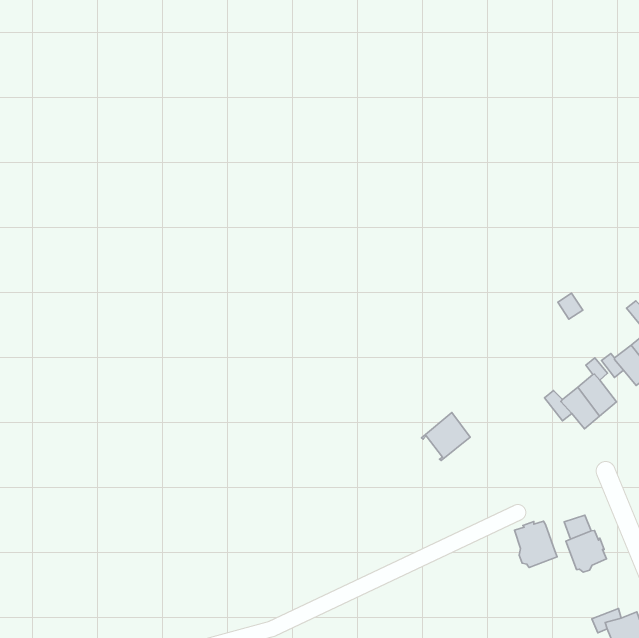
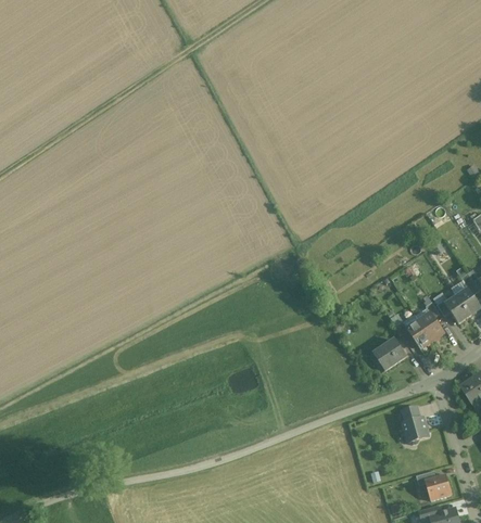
building: [421,412,470,461] -> [372,339,405,370]
building: [514,521,557,568] -> none

